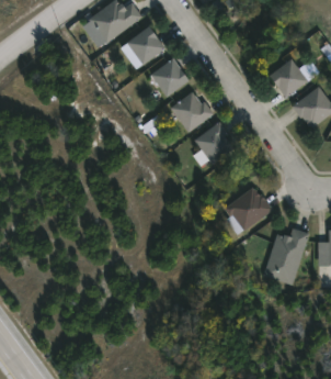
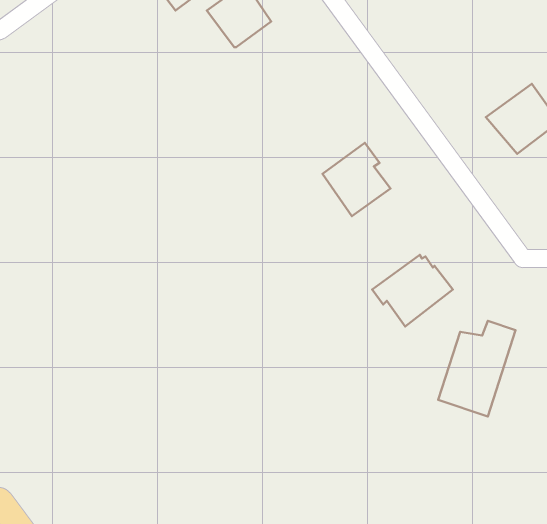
building: [149,57,189,97] -> none
building: [269,58,308,97] -> none
building: [170,91,213,132] -> none

